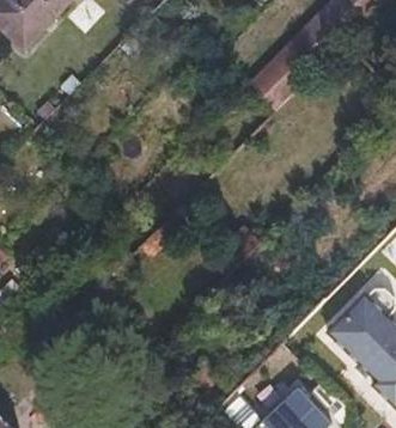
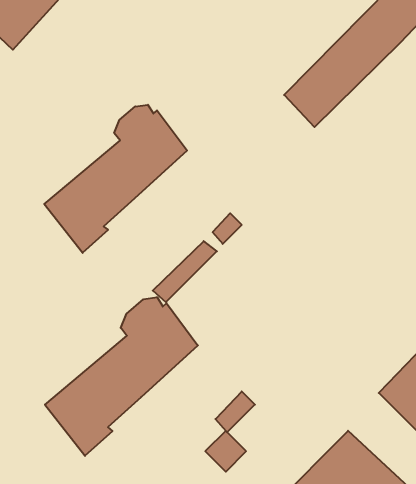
building: none -> [44,105,187,253]
building: none -> [45,297,198,456]

